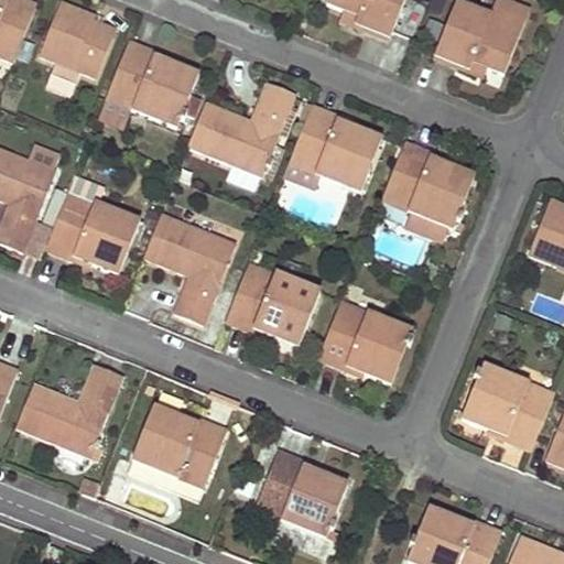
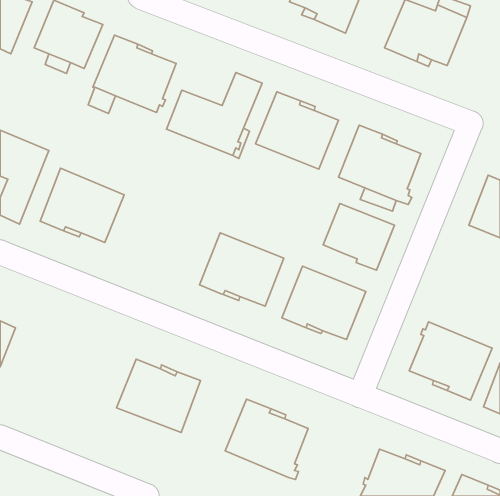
building: [143,213,236,324] -> none
building: none -> [323,204,395,270]
building: [15,364,123,459] -> none

